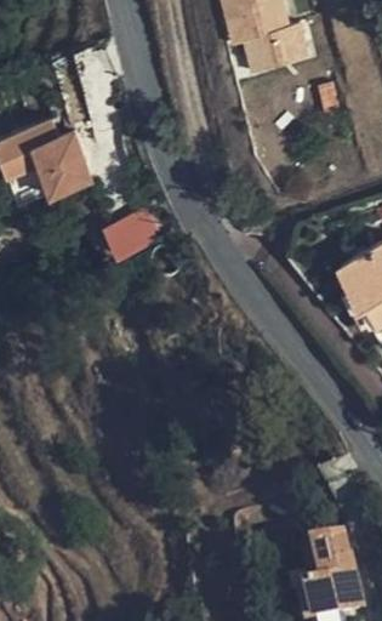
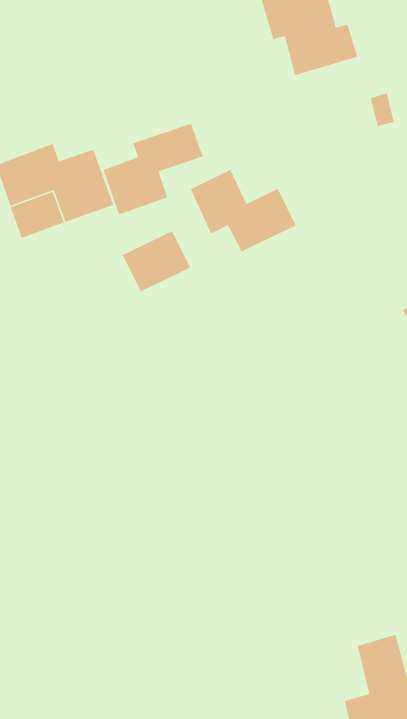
building: none -> [102,123,204,215]
building: none -> [190,169,297,252]

